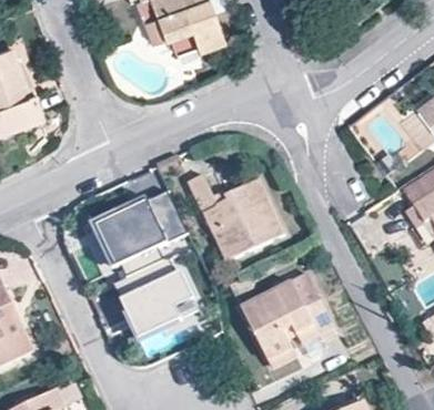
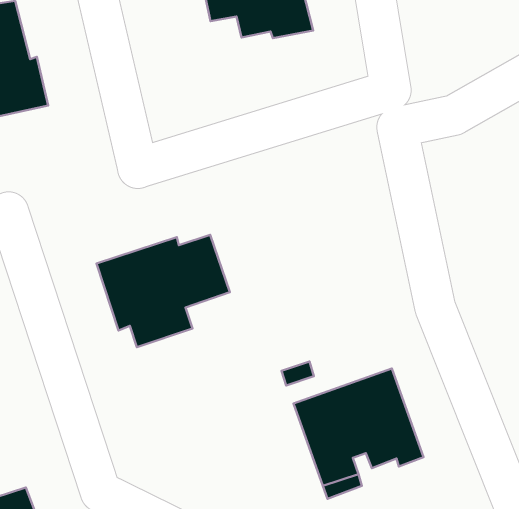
building: [191,177,287,263] -> none
building: [113,259,196,344] -> none

